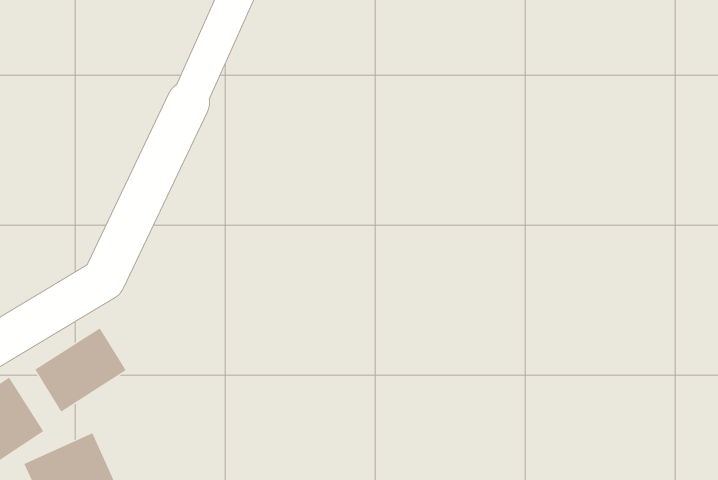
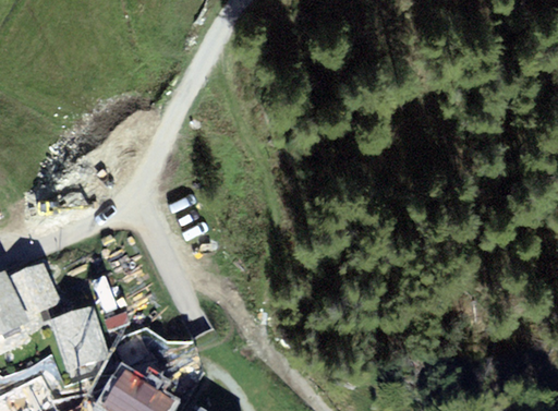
building: [35,327,127,412] -> none

